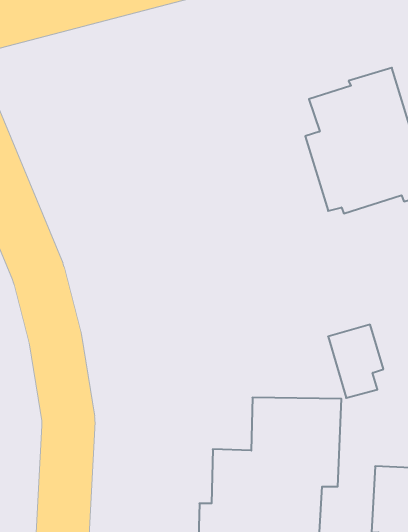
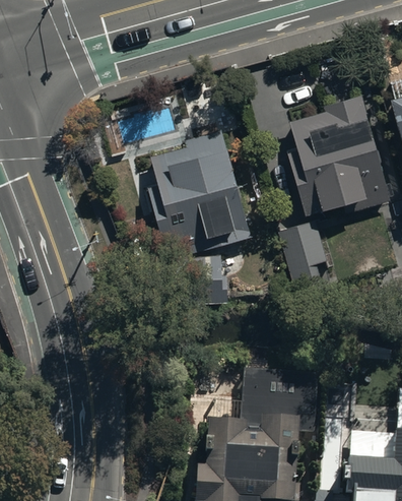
building: none -> [147,132,249,256]
building: [328,325,383,398] -> [277,224,324,286]

